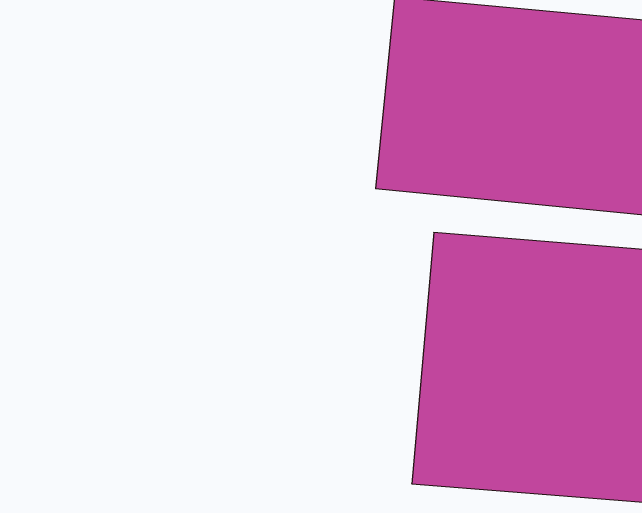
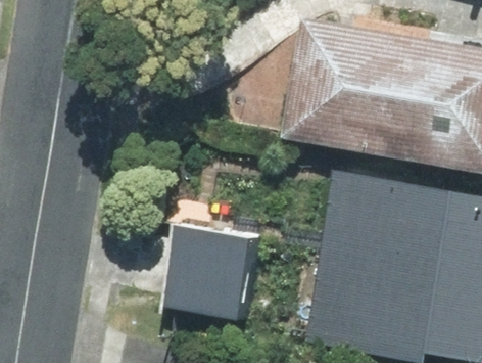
building: none -> [172,222,270,320]

